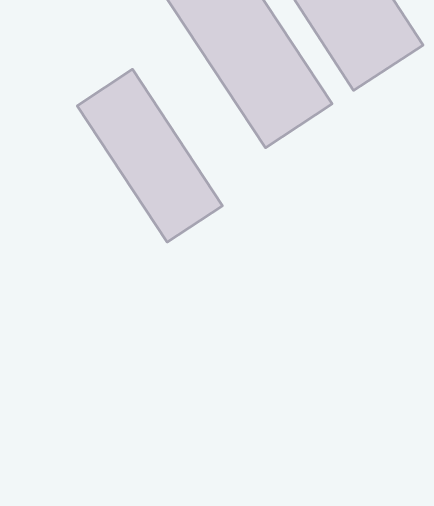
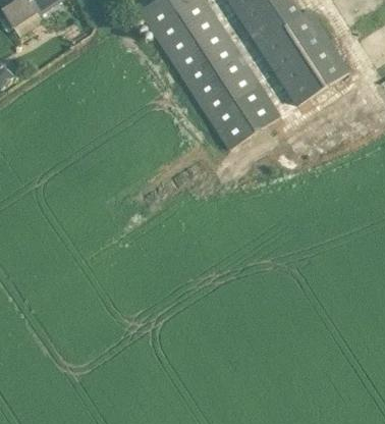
building: [77,69,222,242] -> none

